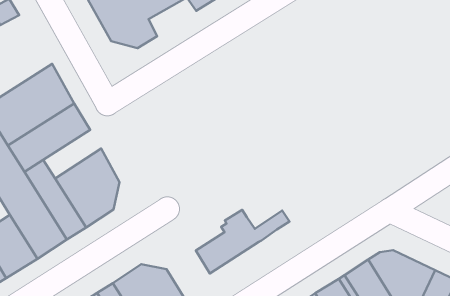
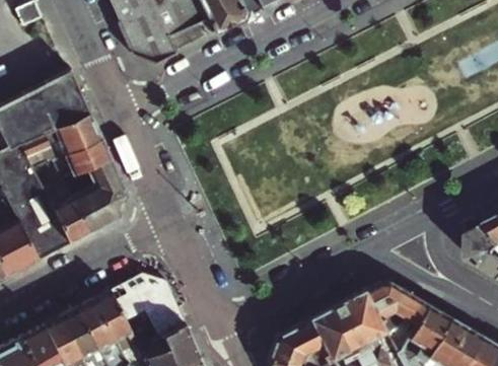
building: none -> [55,139,113,184]
building: [196,210,289,273] -> none

